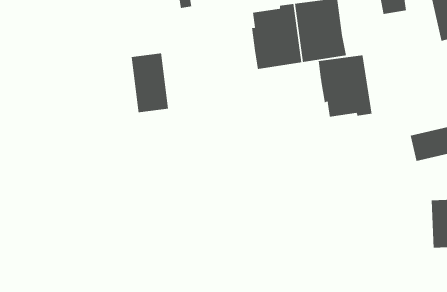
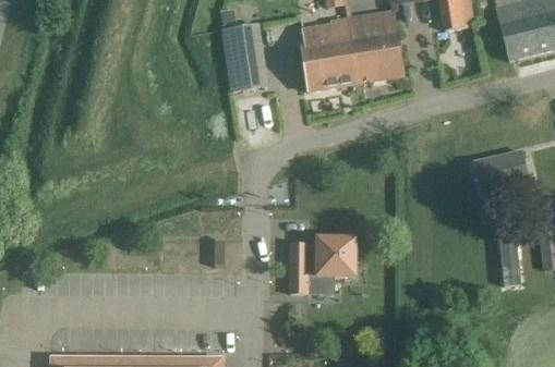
building: [131,53,169,113] -> [225,23,266,88]
building: [318,55,372,117] -> none
building: none -> [290,238,354,292]

